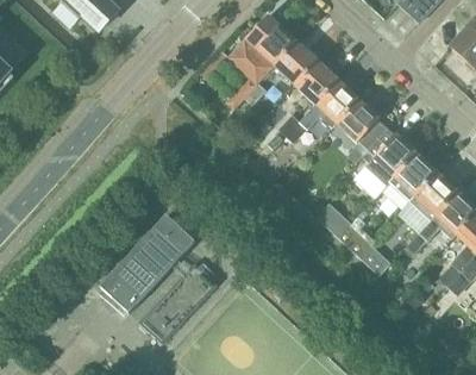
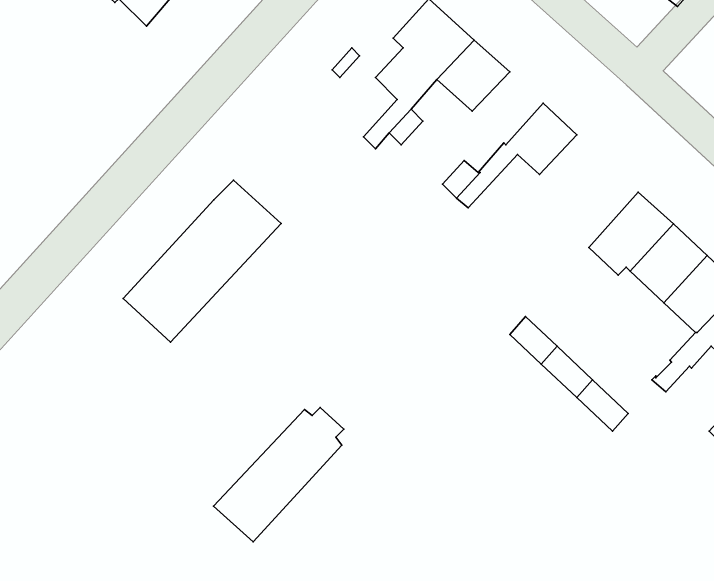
building: [295,60,338,104] -> none
building: [326,98,389,156] -> none
building: [100,214,195,312] -> [123,180,281,342]

